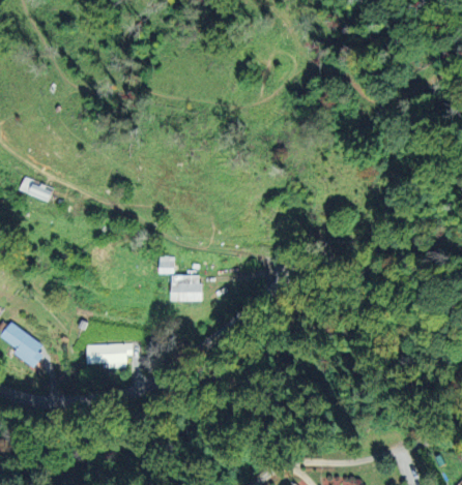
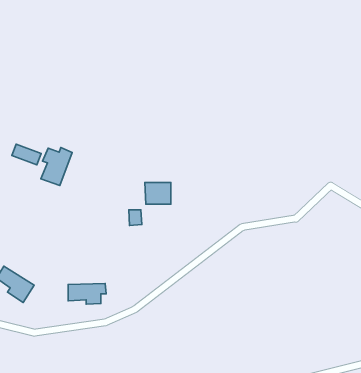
building: none -> [41,148,72,186]
building: [171,275,202,301] -> [145,182,171,204]

